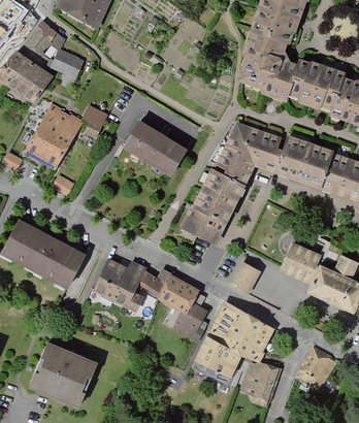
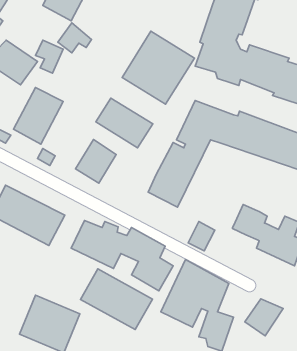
building: [25,19,64,54] -> [58,23,91,53]
building: none -> [122,31,194,104]
building: [80,103,107,138] -> none
building: none -> [76,139,116,183]
building: none -> [81,269,153,330]

